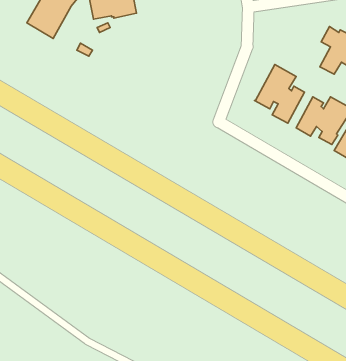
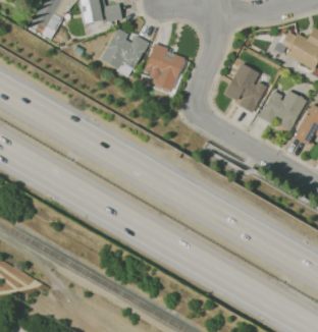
building: none -> [100,27,149,78]
building: none -> [144,43,184,92]

